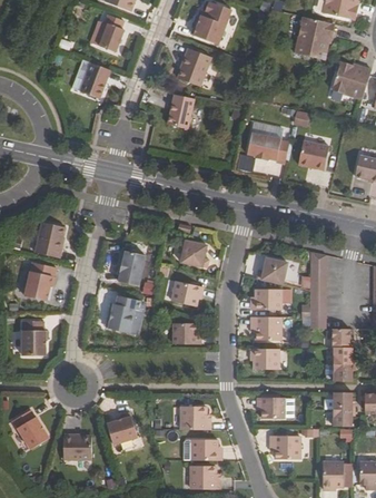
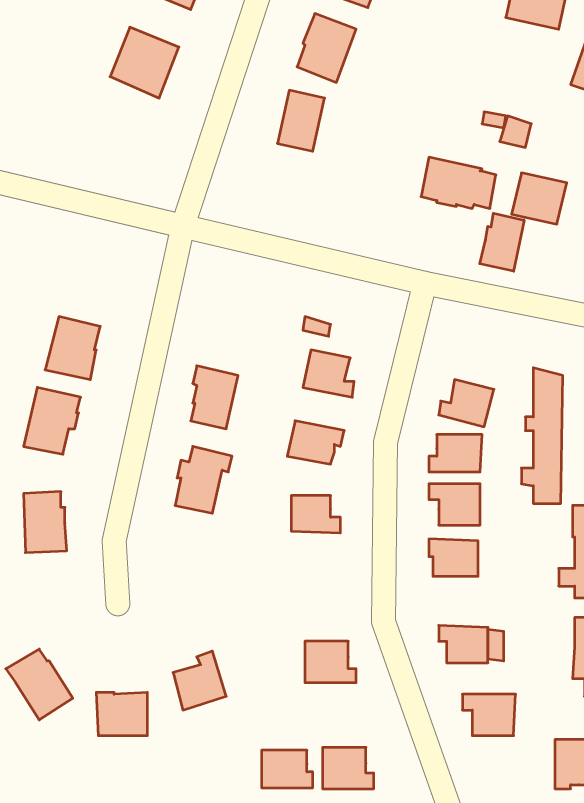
building: none -> [480,213,524,271]
building: [191,439,220,460] -> [262,750,313,788]

